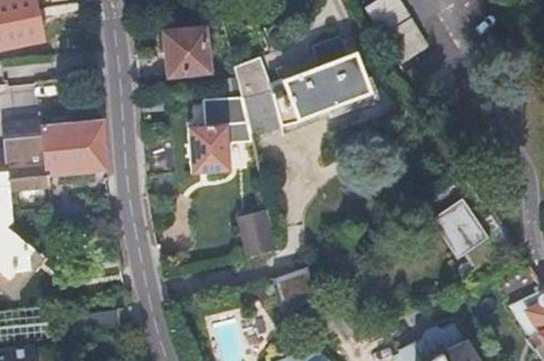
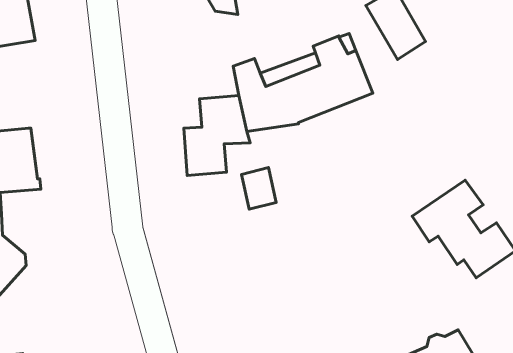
building: [167,33,209,76] -> none
building: [39,123,106,177] -> none
building: [238,214,272,254] -> [241,168,276,209]

